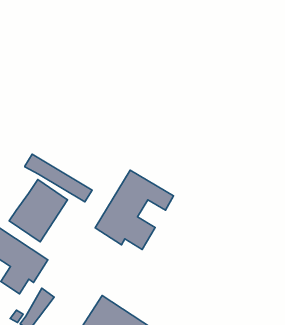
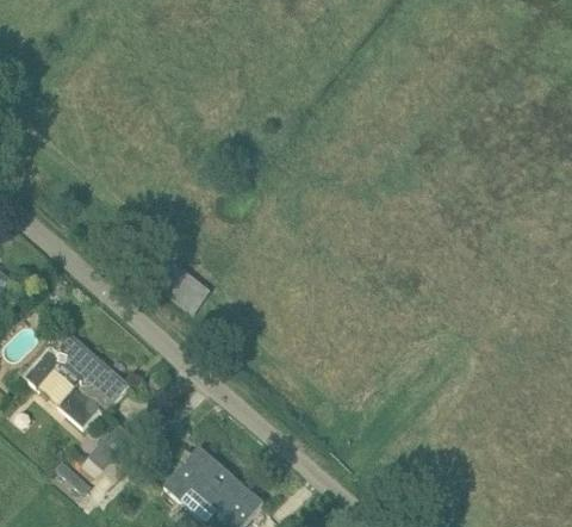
building: [95,170,174,249] -> none
building: [9,180,67,242] -> none

